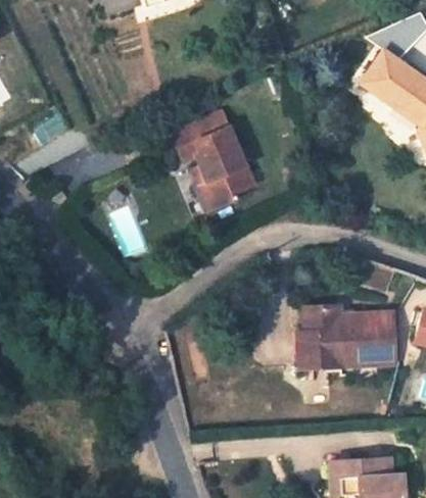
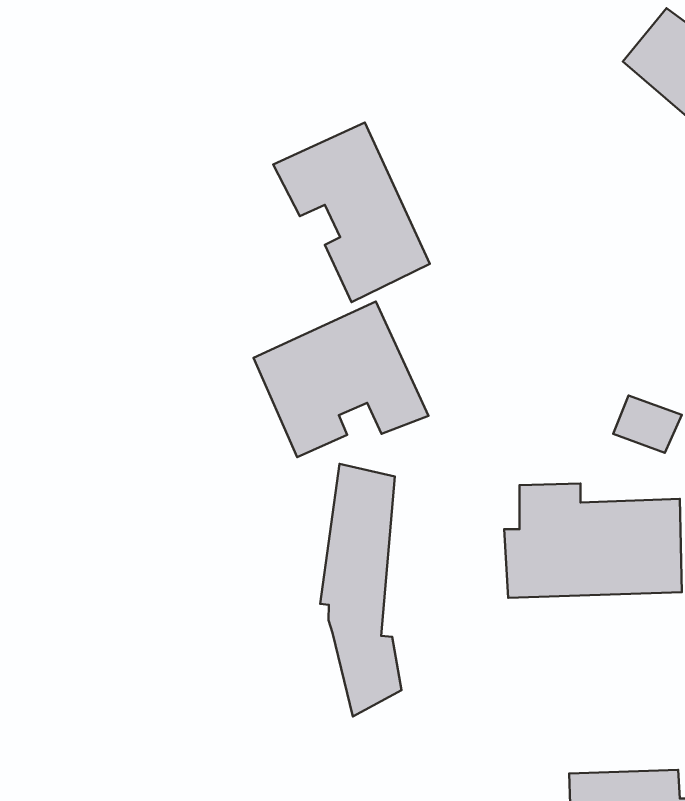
building: none -> [253,302,428,457]
building: none -> [320,464,401,717]

